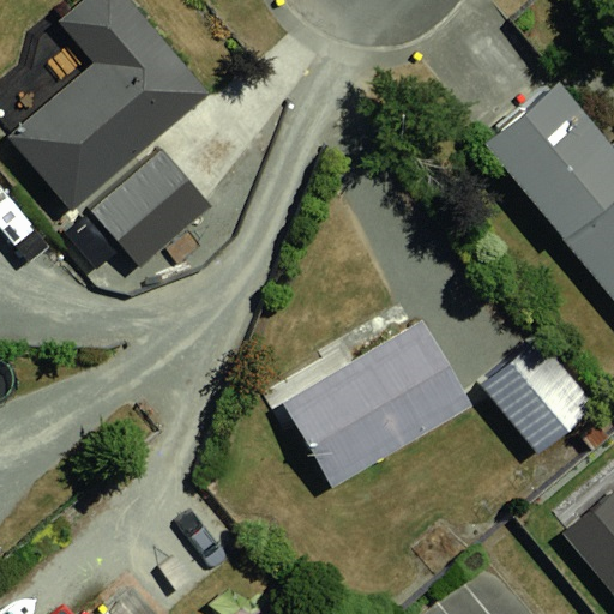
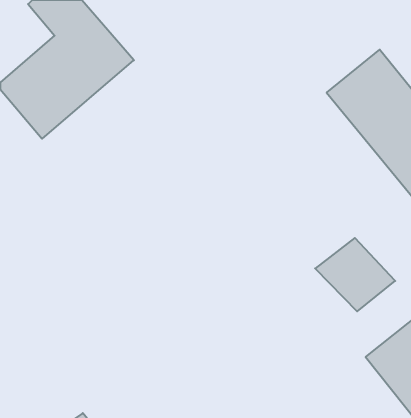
building: [84,159,197,270] -> none
building: [275,321,468,488] -> none

